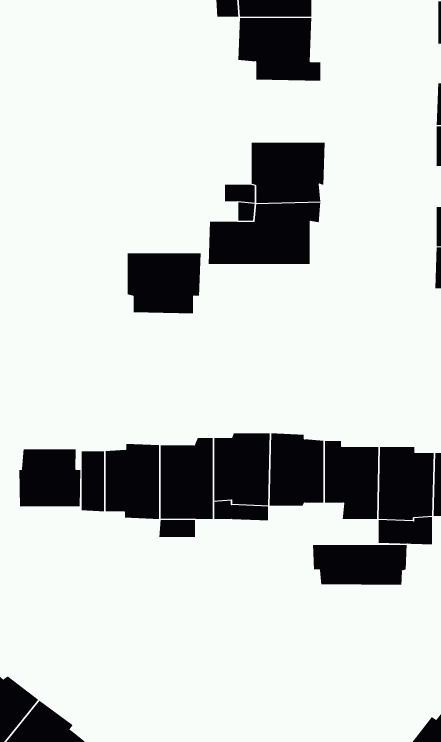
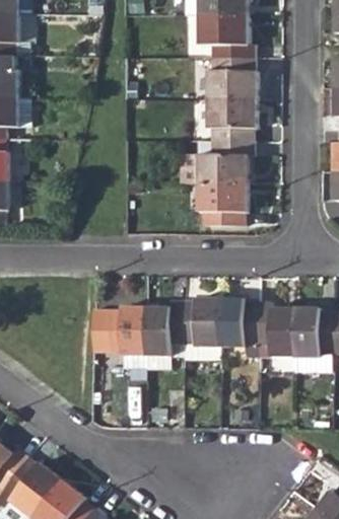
building: none -> [206,58,257,100]
building: [127,253,201,314] -> [196,183,247,225]
building: [19,449,81,507] -> none
building: [313,544,407,586] -> none

